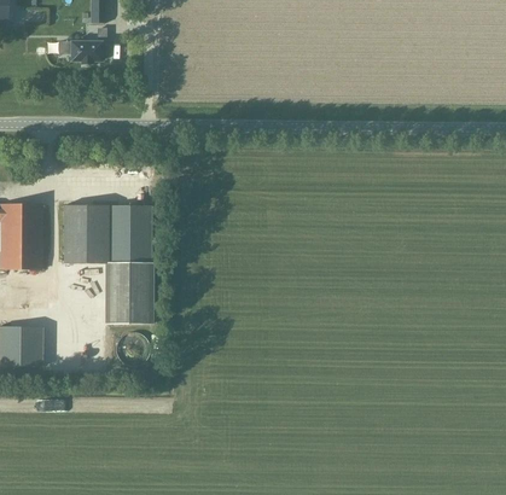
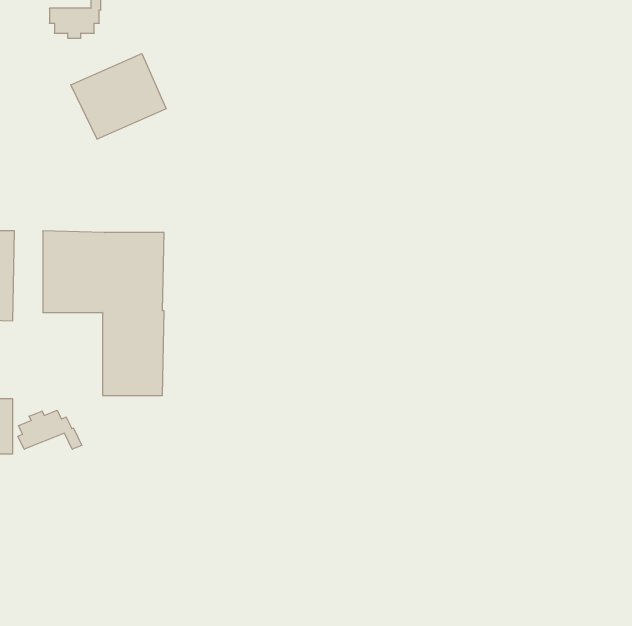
building: none -> [71,54,166,139]
building: none -> [18,410,82,449]

